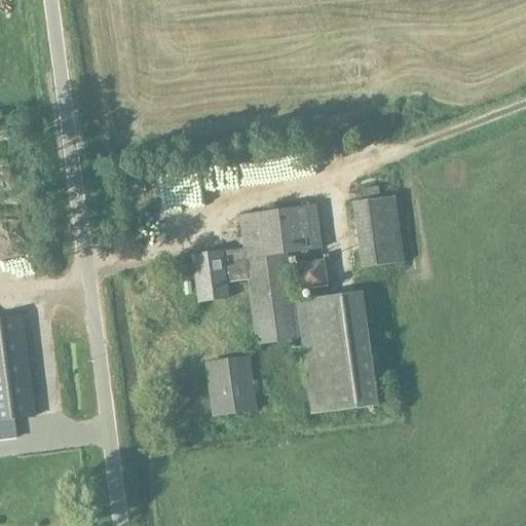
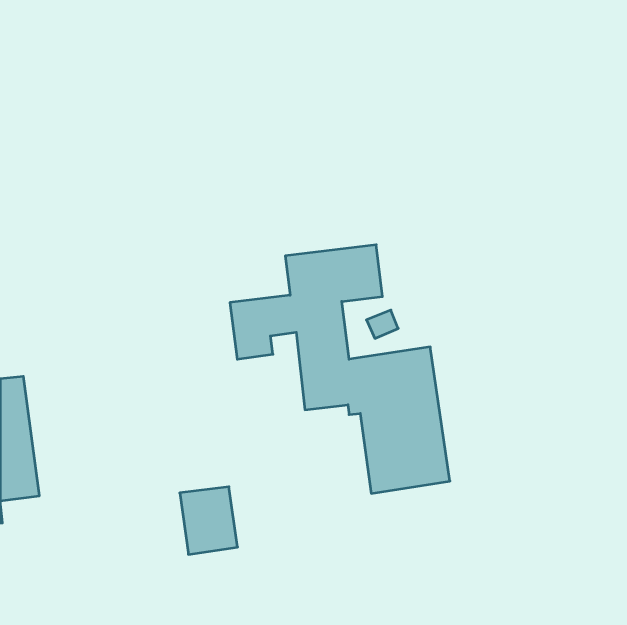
building: [352,196,404,268] -> none
building: [208,356,256,413] -> [180,487,238,554]

